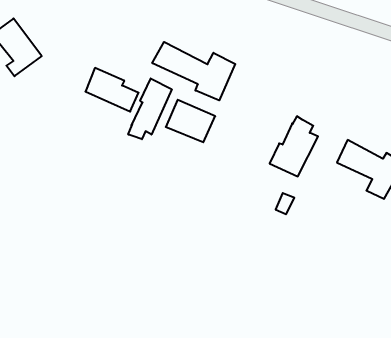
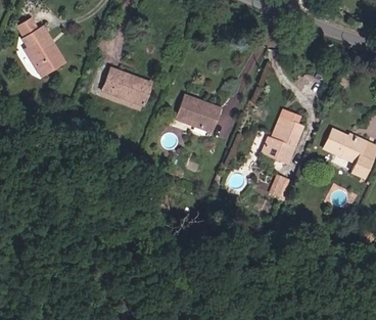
building: [152,42,235,100] -> none
building: [128,78,172,139] -> none

